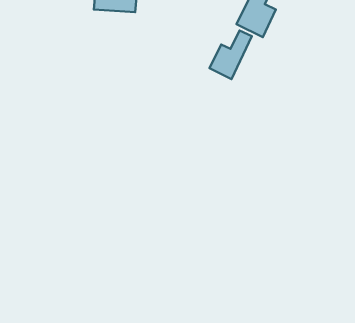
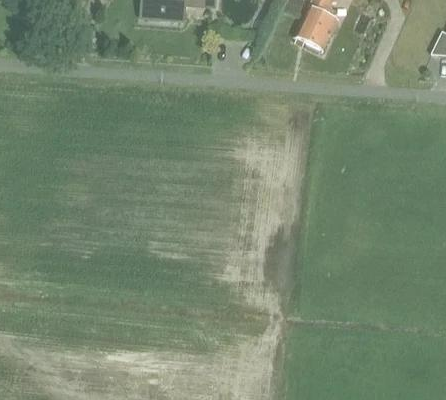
building: [209,30,252,79] -> none

